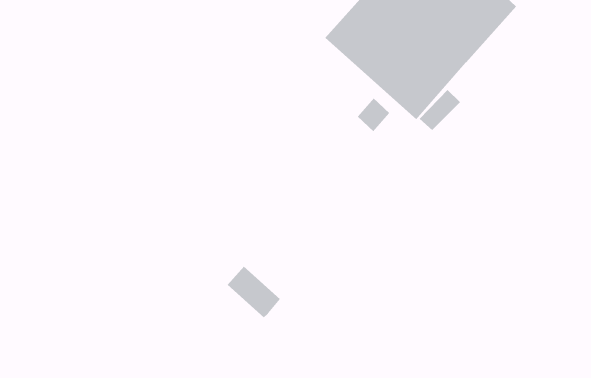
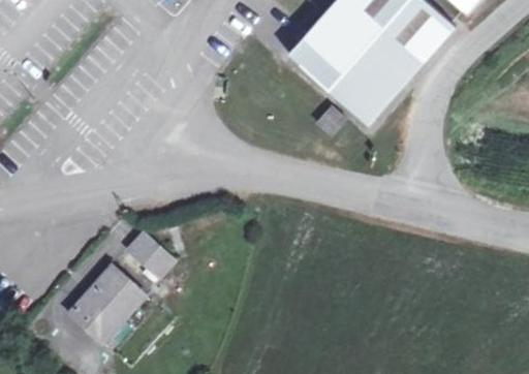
building: [227,266,281,318] -> [127,231,174,277]
building: none -> [69,266,144,342]

